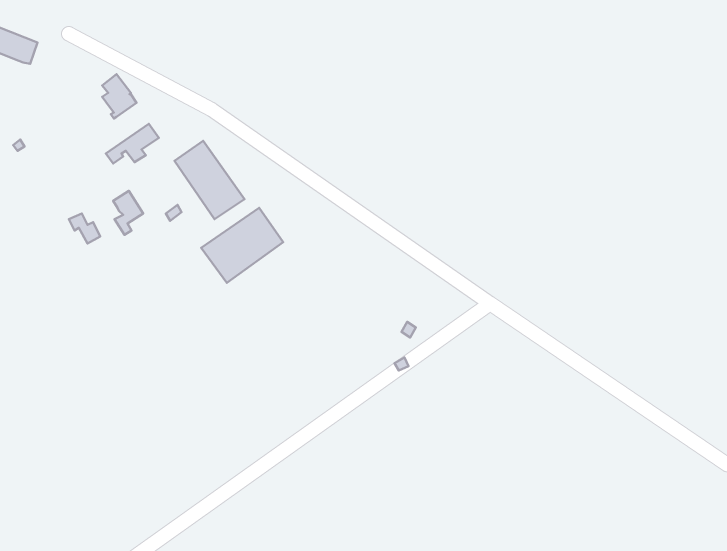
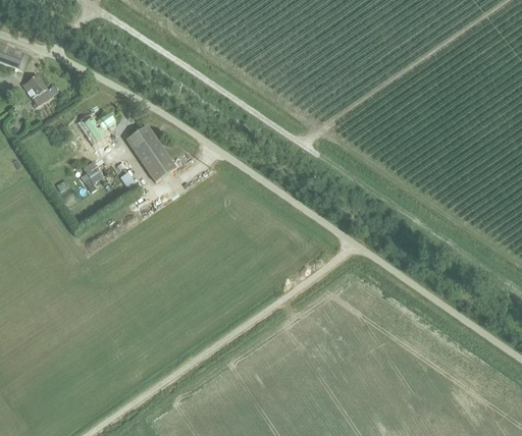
building: [102,74,137,118] -> [27,74,51,106]
building: [201,208,283,283] -> none

